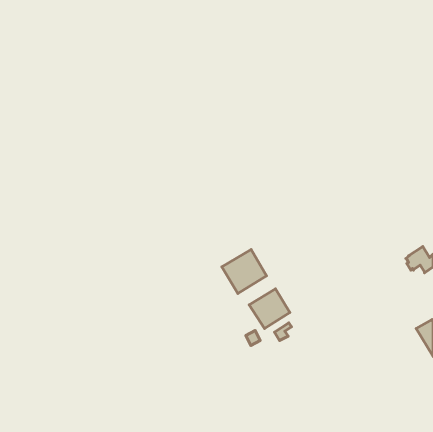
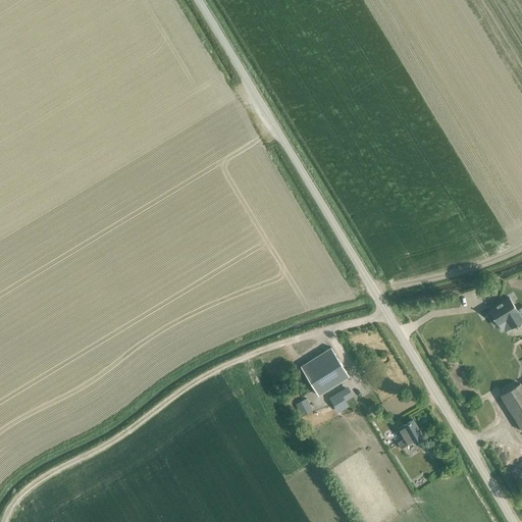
building: [222,250,267,293] -> none
building: none -> [397,420,422,450]

